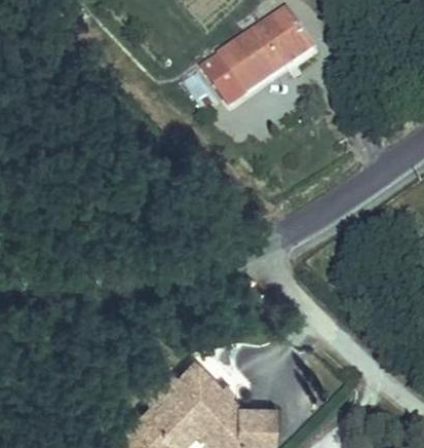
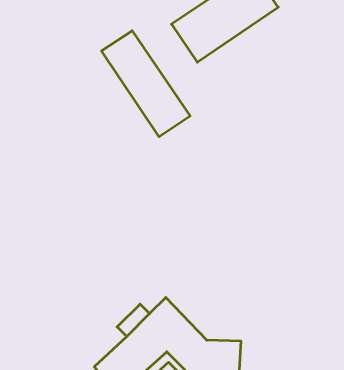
building: none -> [102,31,190,137]

